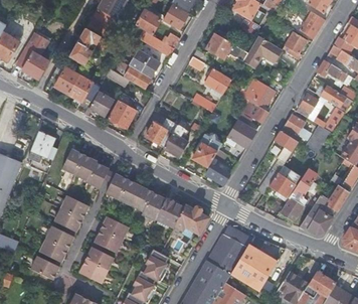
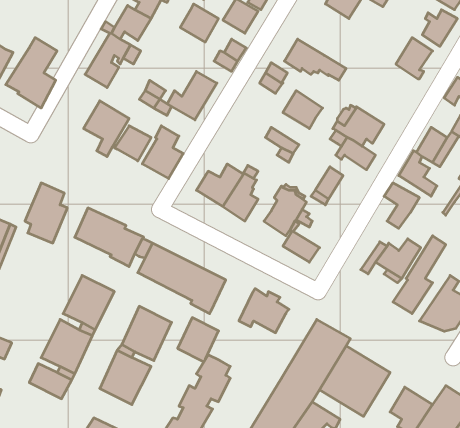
building: [243,34,282,67] -> none
building: [43,63,79,95] -> none
building: [156,197,184,227] -> [178,318,219,362]

